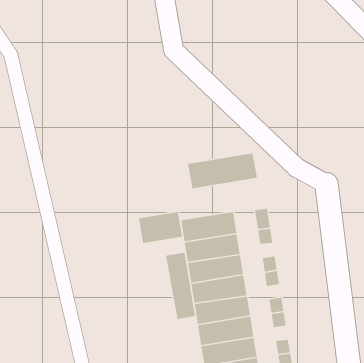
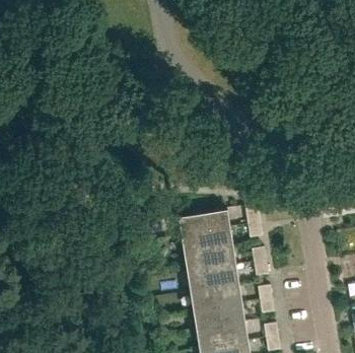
building: [187,153,258,189] -> none
building: [138,211,183,244] -> none
building: [165,252,196,320] -> none

